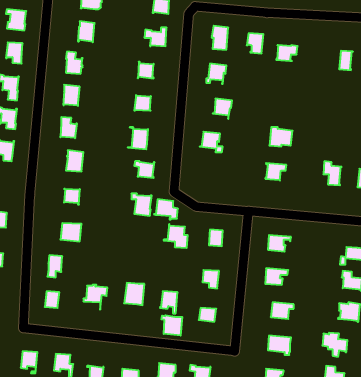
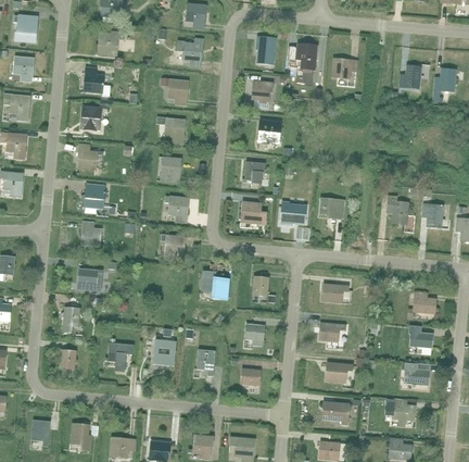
building: [269,127,293,146] -> [279,201,306,224]
building: [154,199,178,220] -> [238,201,266,225]
building: [161,315,182,336] -> none

